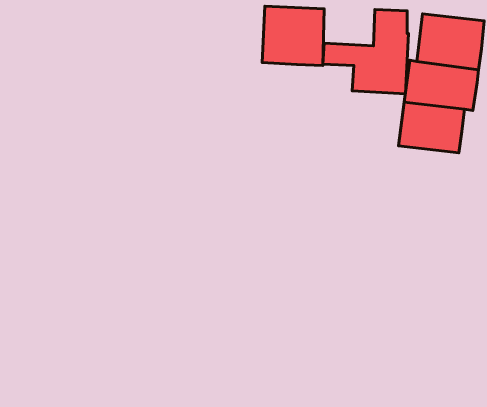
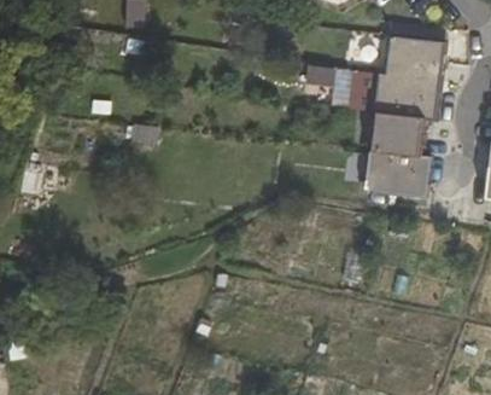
building: [262,6,324,65] -> none
building: none -> [366,151,429,196]

